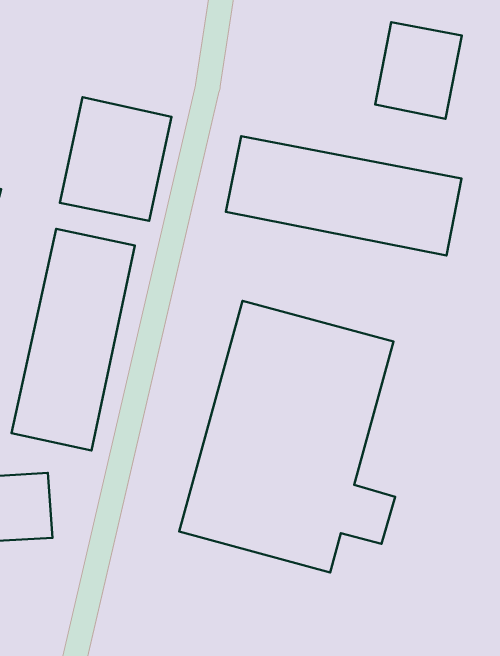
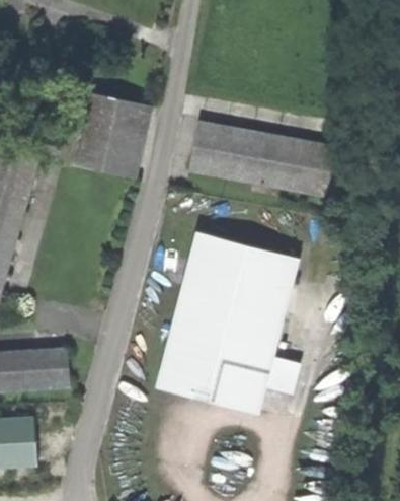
building: [375,22,462,119] -> none
building: [11,229,135,450] -> none

